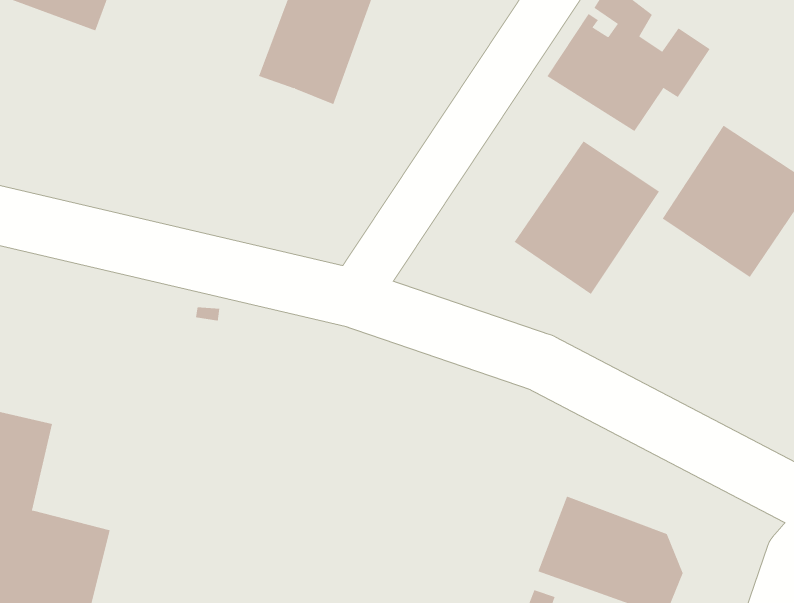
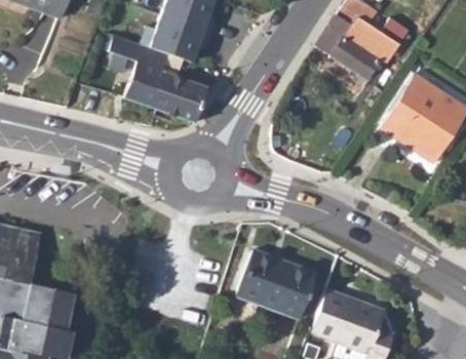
building: none -> [111,33,209,124]
building: [514,140,660,295] -> none
building: none -> [234,245,316,313]

